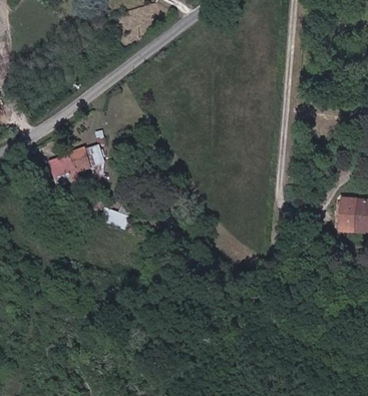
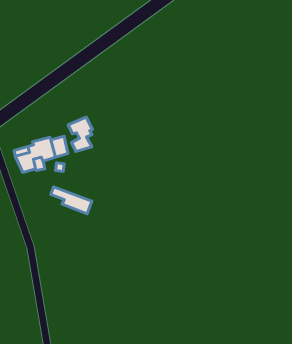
building: none -> [68,117,93,151]

